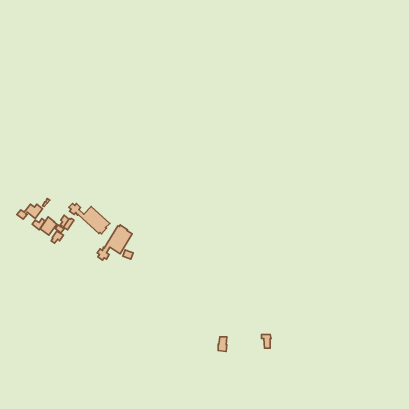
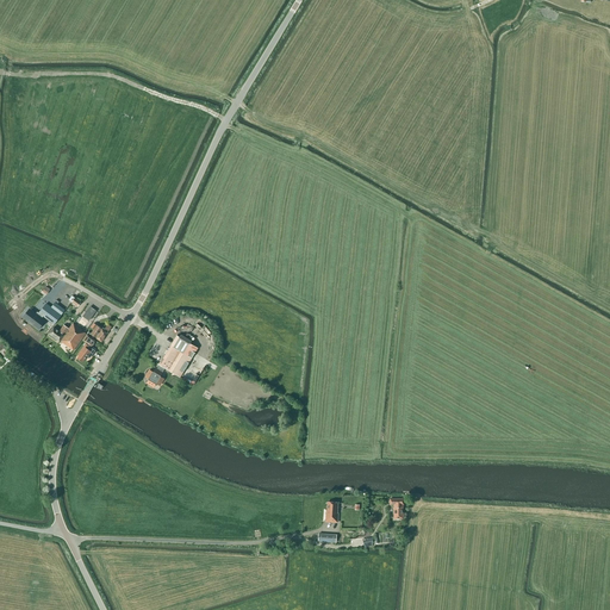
building: [69,203,110,234] -> none

